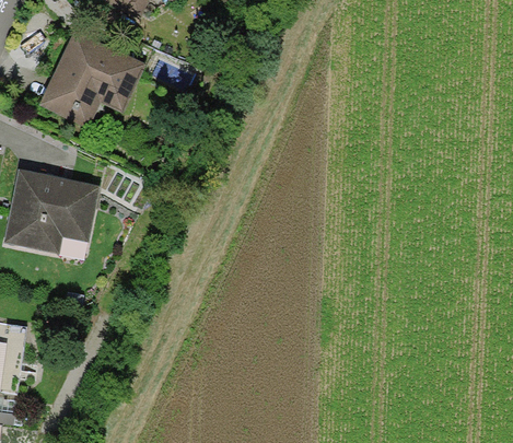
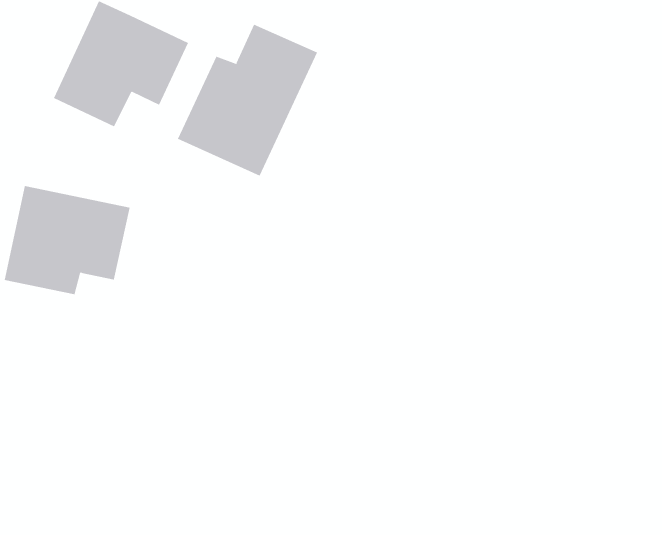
building: none -> [177,24,318,176]

